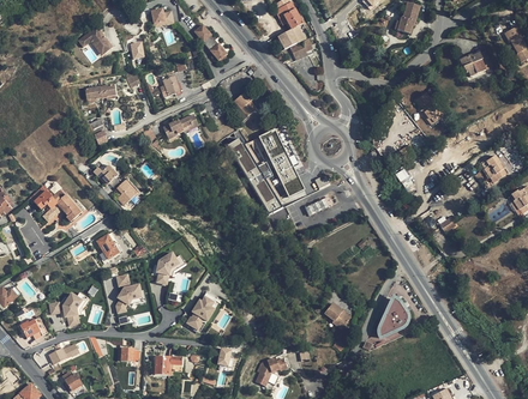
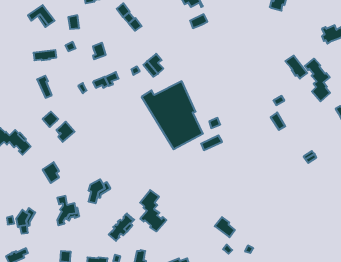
building: none -> [305,59,330,101]
building: none -> [140,190,166,231]
building: [377,296,410,341] -> none

